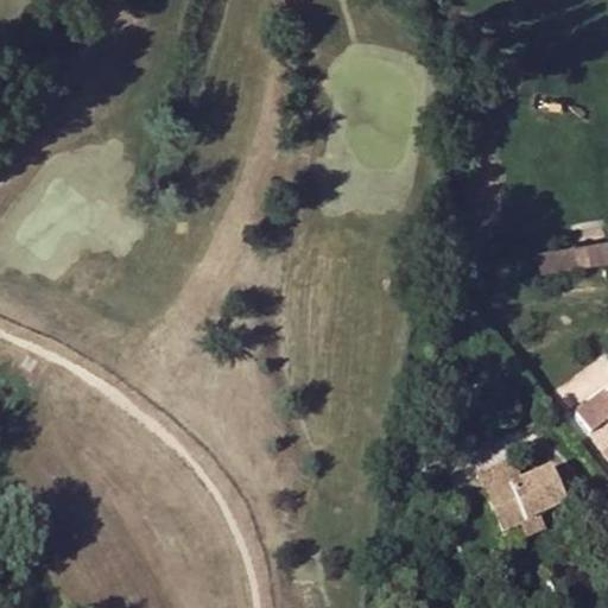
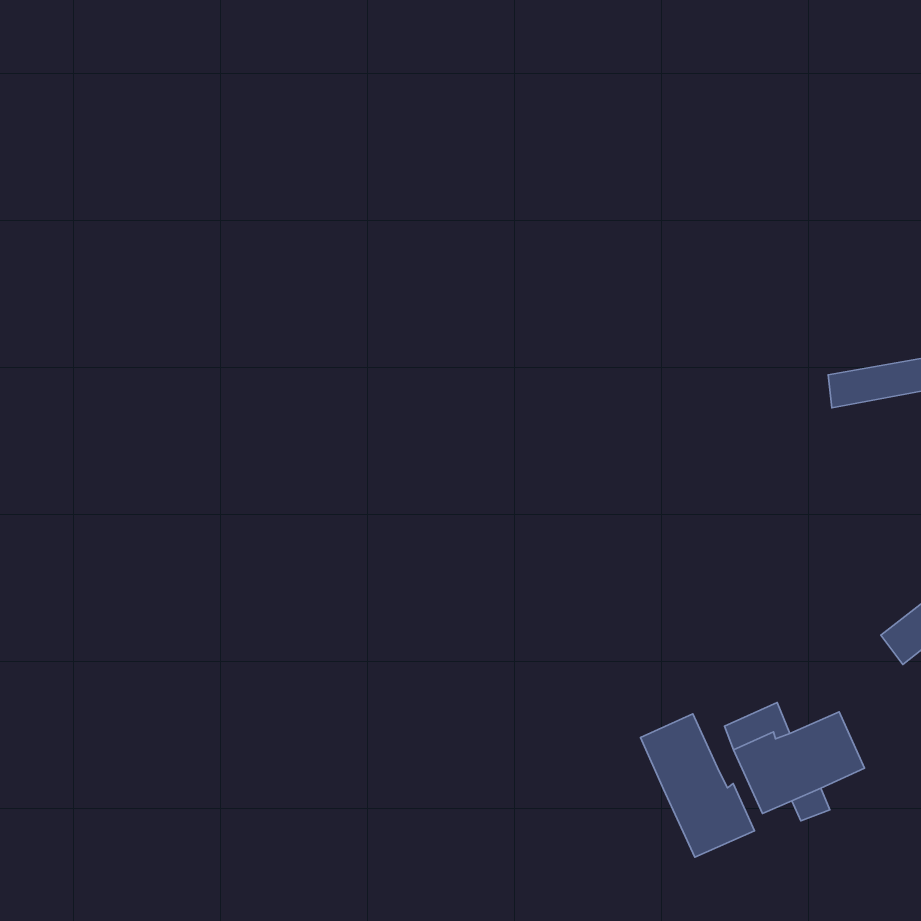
building: none -> [640,714,754,857]

